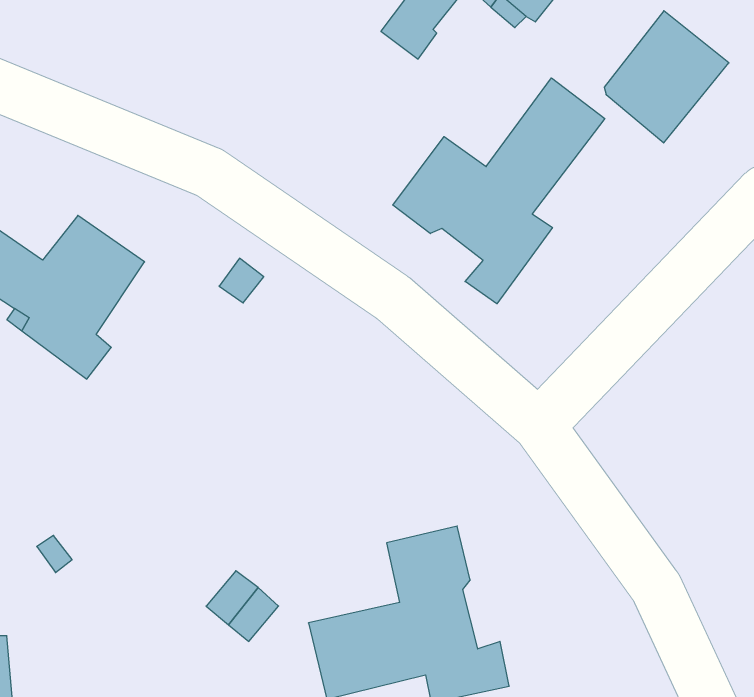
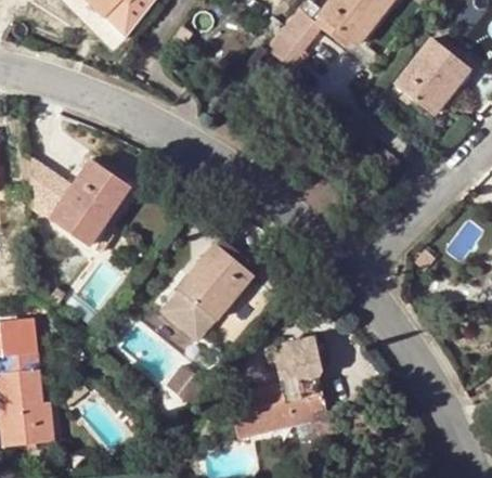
building: [393,78,605,304] -> none
building: none -> [159,236,261,344]

